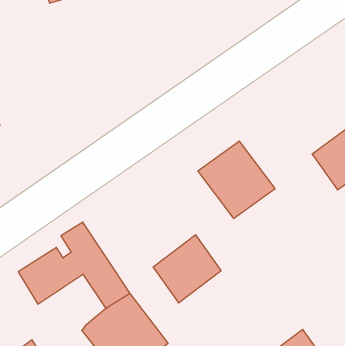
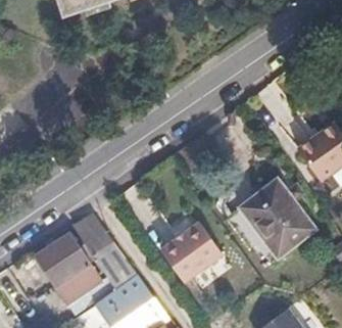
building: [198,141,275,218] -> [246,187,314,255]
building: none -> [53,256,113,314]

